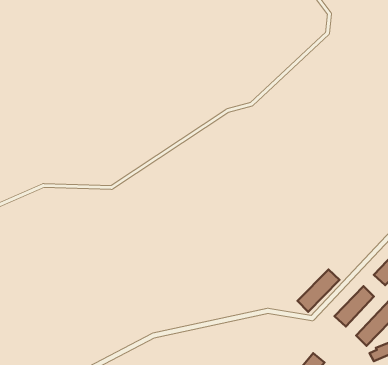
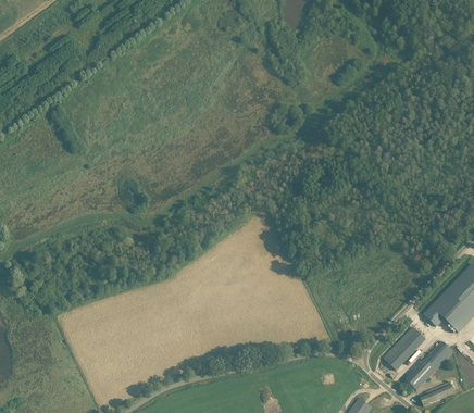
building: [297,270,339,312] -> none

